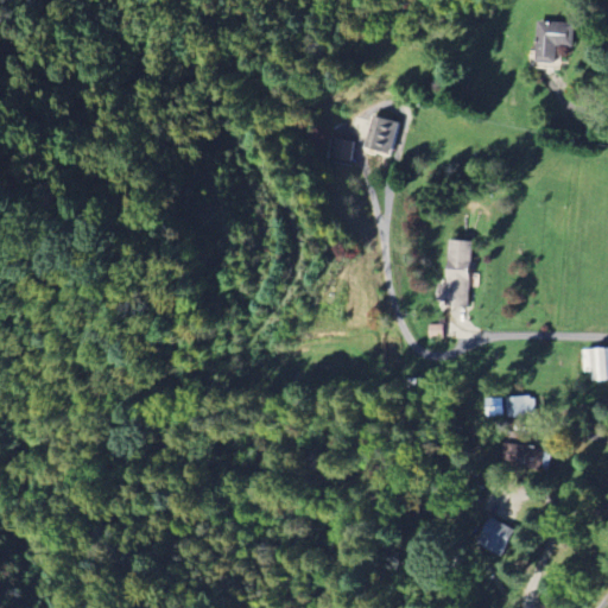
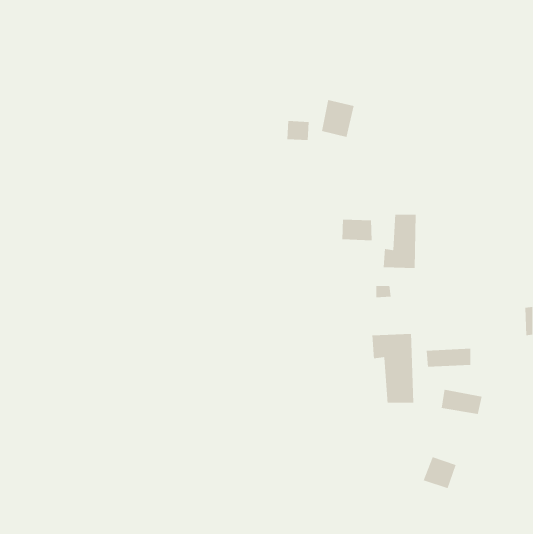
building: [534,20,577,61] -> none
building: none -> [342,219,372,241]
building: none -> [372,333,414,403]

